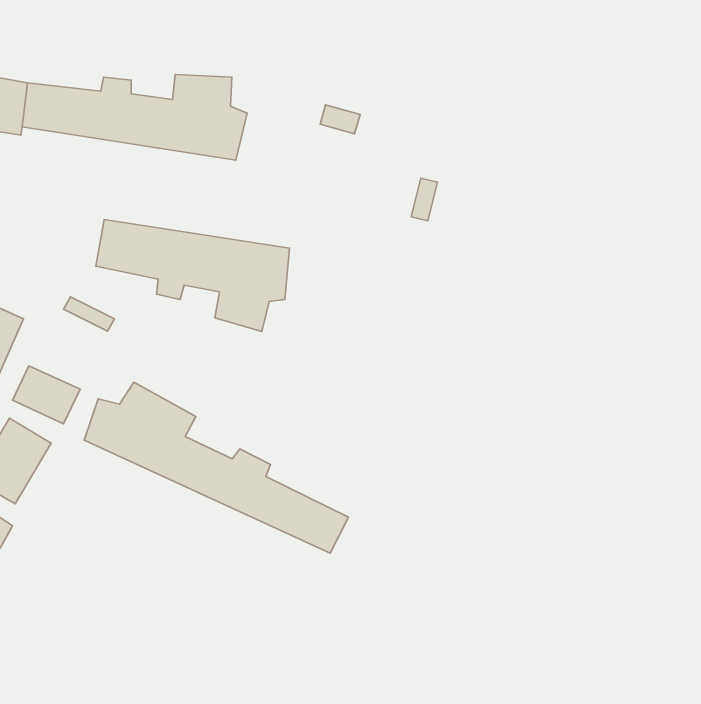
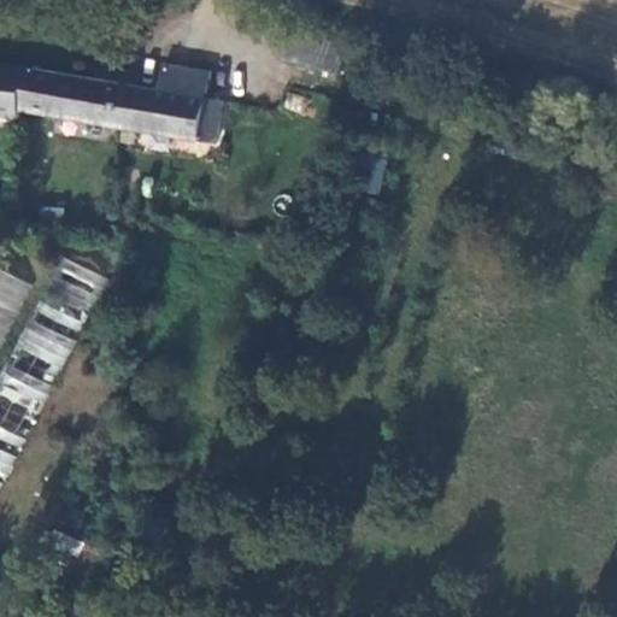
building: [96,220,290,332] -> none
building: [84,382,348,553] -> none

